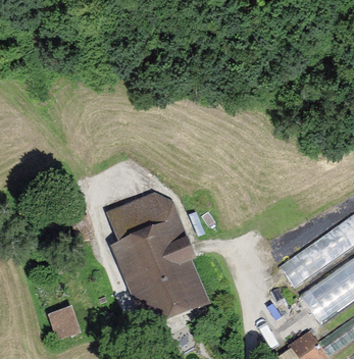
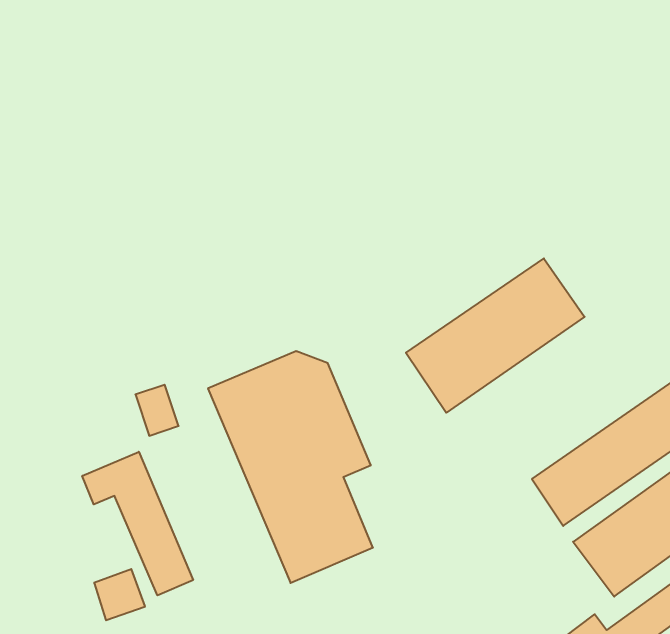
building: none -> [406,258,585,413]
building: none -> [82,452,193,595]

